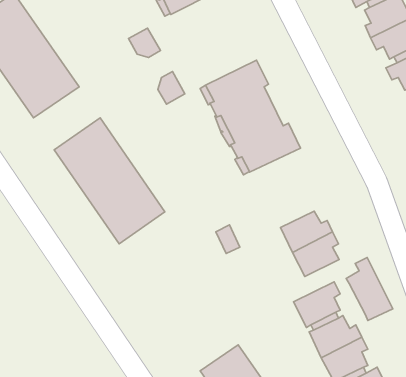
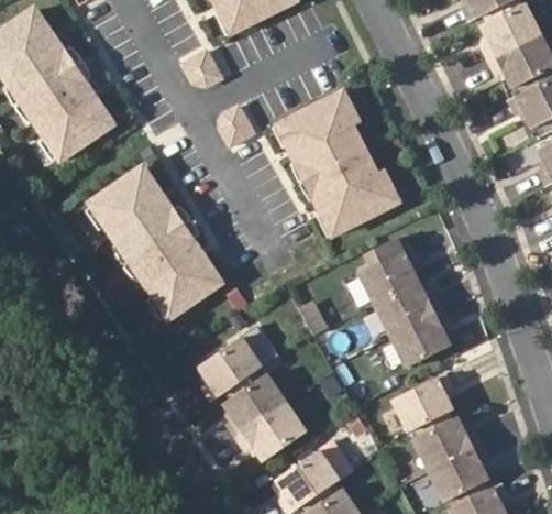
building: none -> [358,244,418,303]
building: none -> [191,335,308,464]
building: [346,257,393,321] -> none

